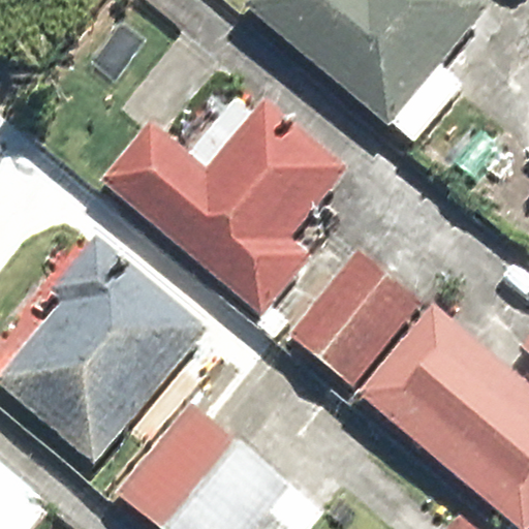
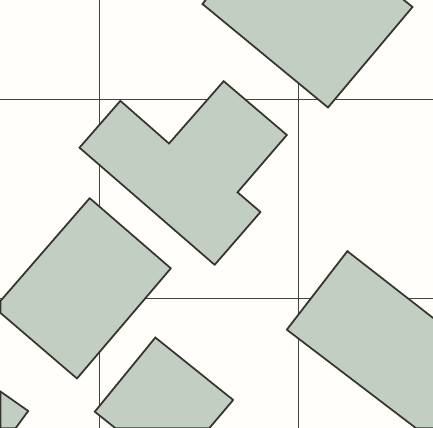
building: [287,257,403,378] -> none

